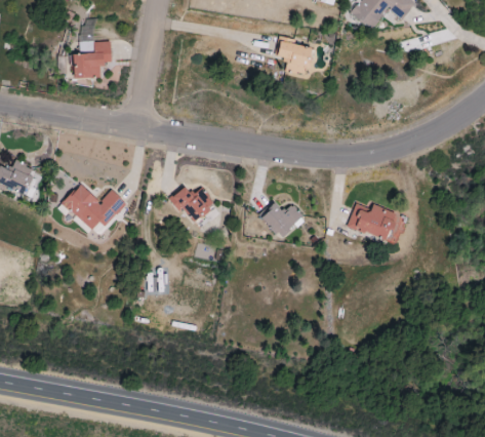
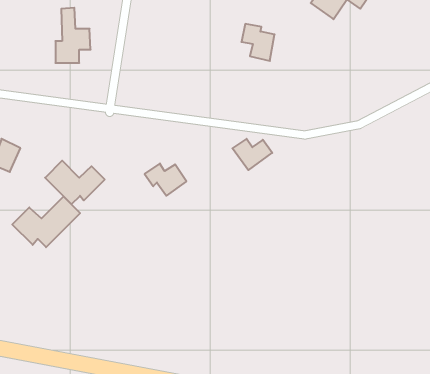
building: [261,203,305,237] -> [232,139,272,170]
building: [348,203,404,243] -> none
building: none -> [12,196,80,247]

